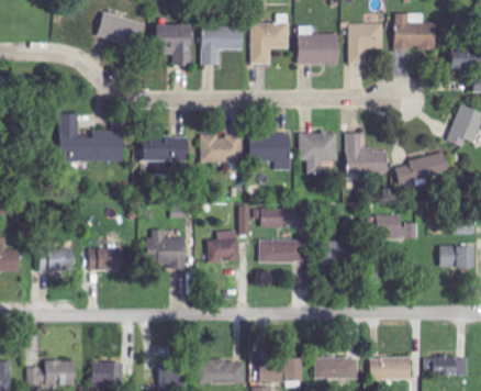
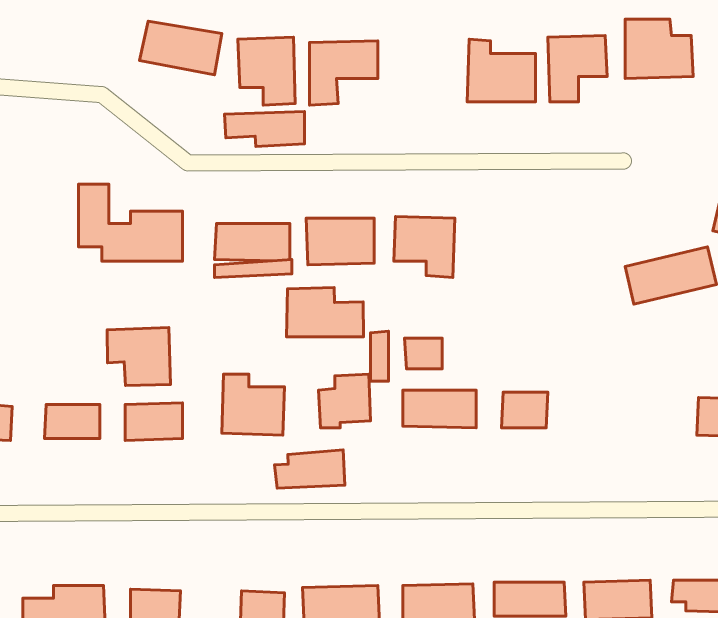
building: [249,22,290,65] -> none
building: none -> [224,112,304,146]
building: [298,133,336,174] -> none
building: [344,133,388,175] -> none
building: none -> [287,287,364,337]
building: none -> [107,328,171,386]
building: [374,215,417,243] -> none
building: none -> [274,450,345,488]

